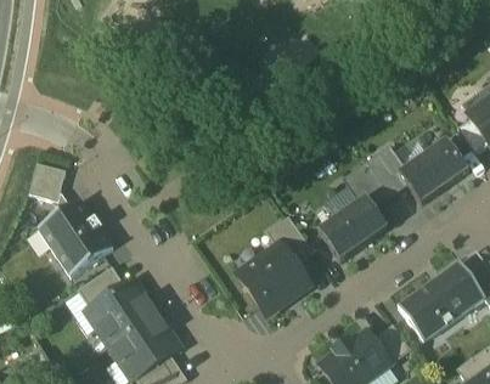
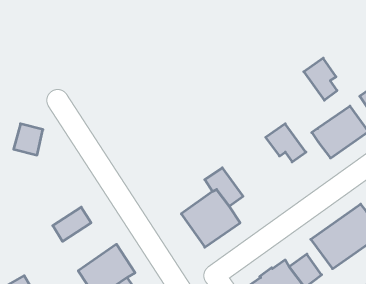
building: [365,145,406,197] -> [304,58,337,100]
building: [317,197,387,261] -> none
building: [43,198,112,276] -> none
building: [85,278,156,344] -> none

